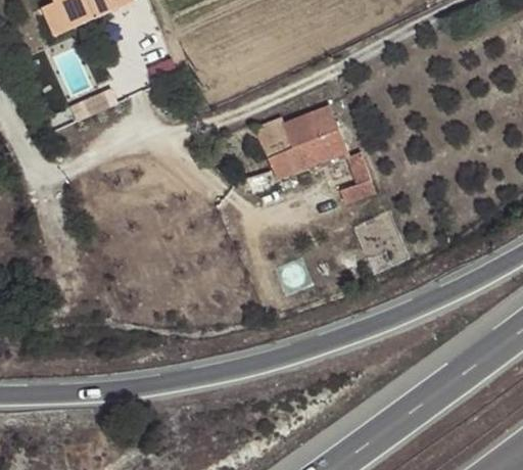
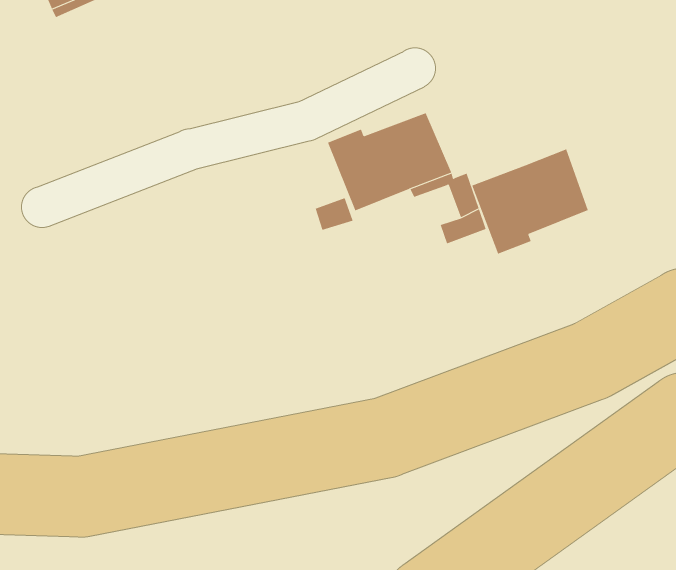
building: none -> [472,149,588,254]

